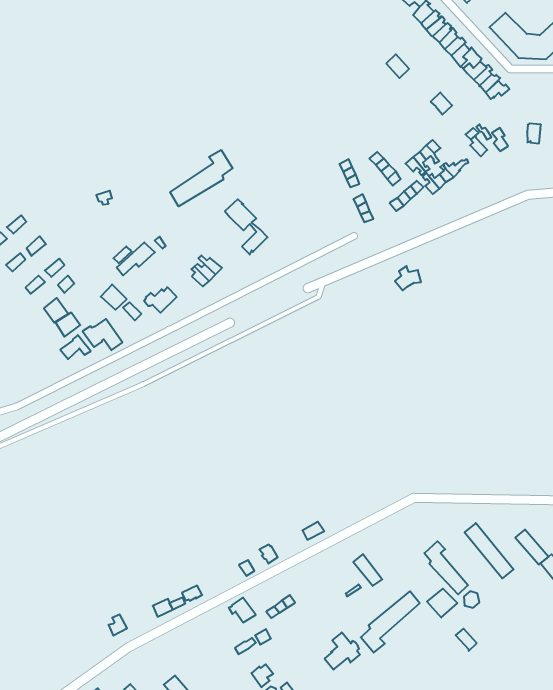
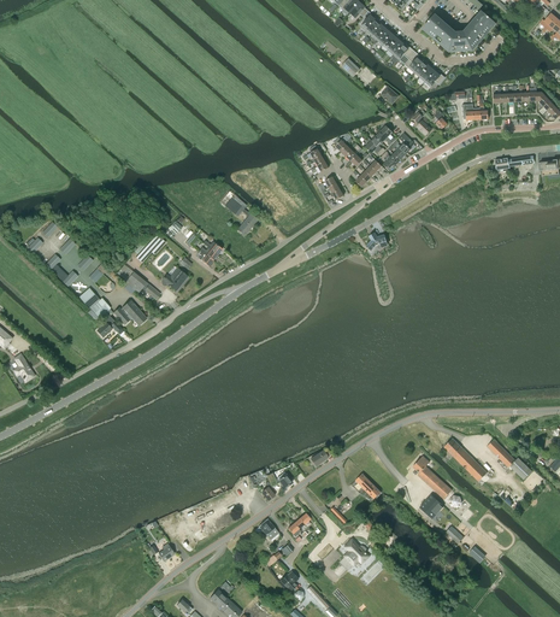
building: [170,150,233,206] -> none
building: [361,591,420,653] -> none

